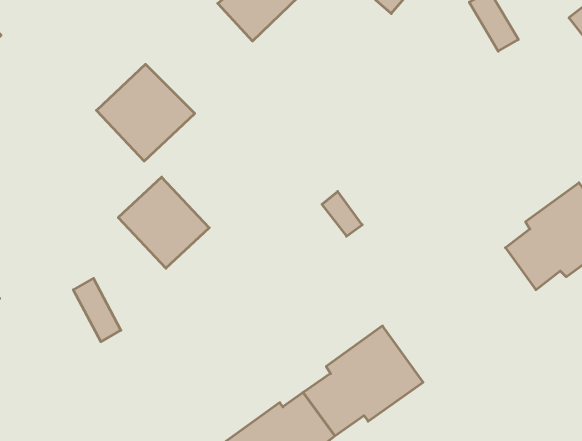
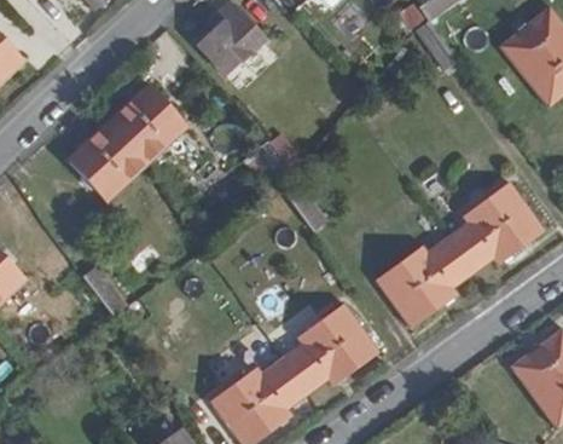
building: [118,177,209,268] -> [68,123,144,200]
building: none -> [377,238,471,325]

